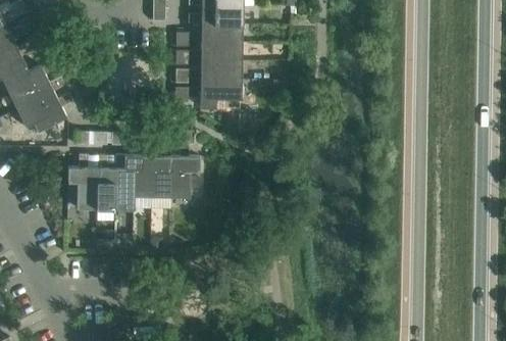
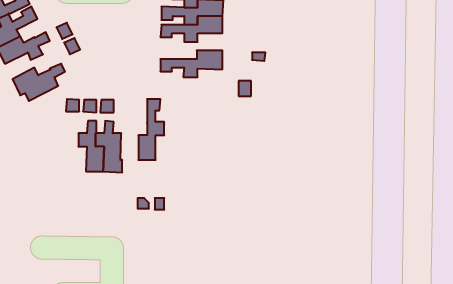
building: [174,61,241,89] -> none
building: [8,78,64,110] -> none
building: [132,131,160,197] -> none
building: [169,132,198,198] -> none
building: [67,155,96,209] -> none

